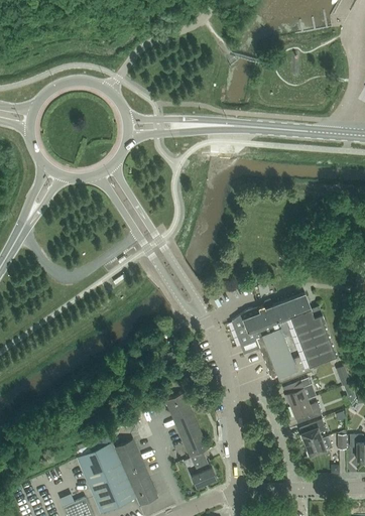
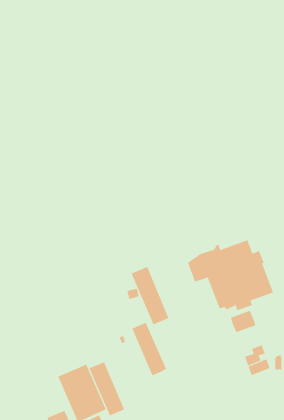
building: none -> [131,266,169,325]
building: [291,401,323,421] -> none
building: [192,454,218,490] -> none

